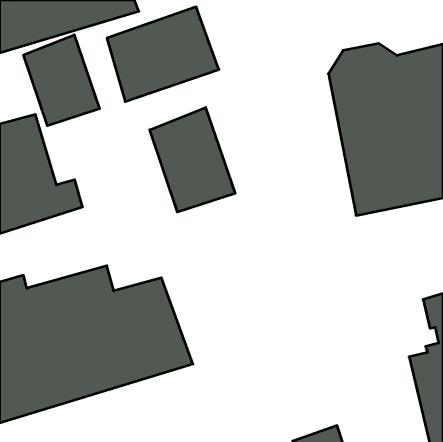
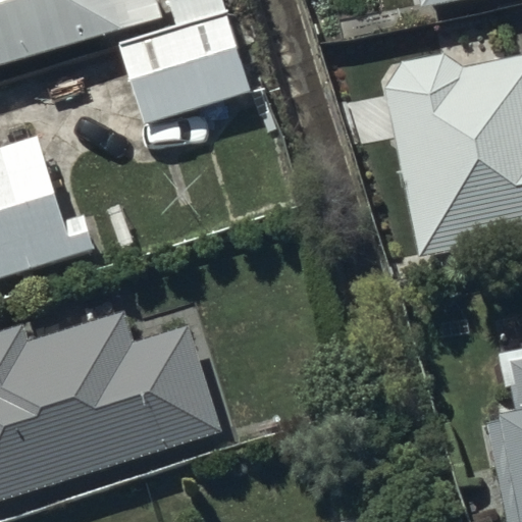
building: [24,35,100,126] -> none
building: [150,107,235,212] -> none

